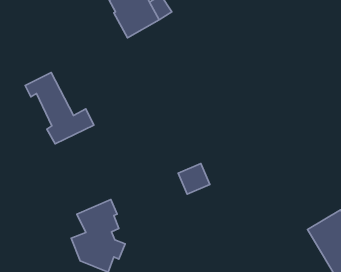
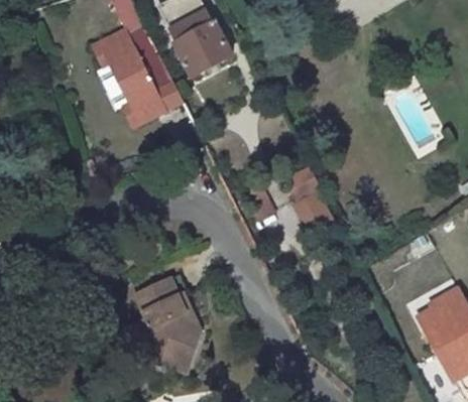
building: [25,73,94,144] -> [97,31,183,120]
building: [178,163,210,194] -> [287,180,327,219]

